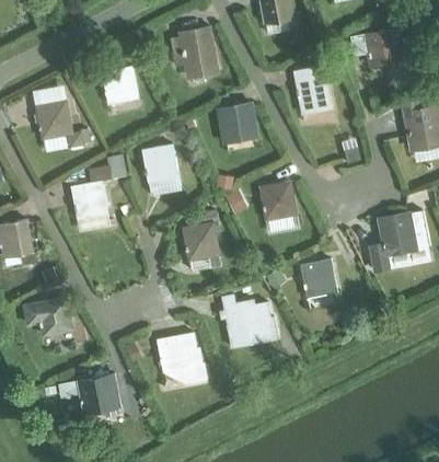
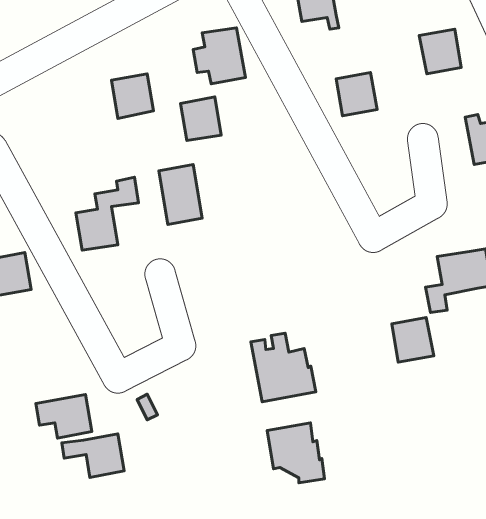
building: [35,102,82,147] -> none
building: [220,104,255,141] -> [180,97,221,140]
building: [261,182,296,220] -> none
building: [183,210,219,261] -> none
building: [301,259,337,298] -> [392,318,434,362]
building: [24,299,72,336] -> [36,395,92,438]
building: [158,333,207,384] -> [267,423,324,483]

